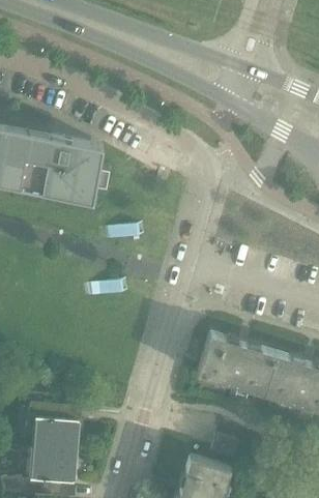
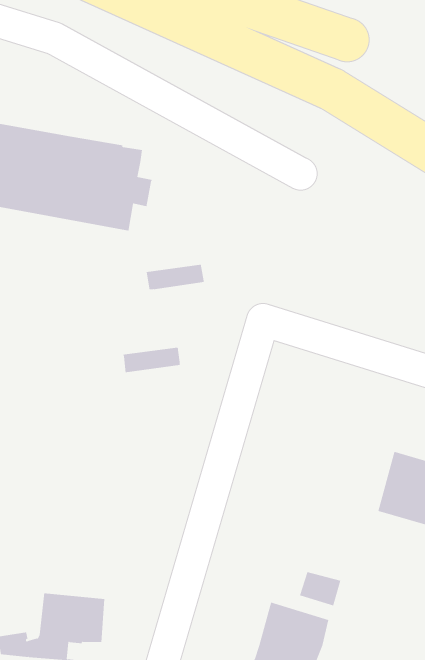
building: [197,333,274,393] -> none
building: [26,404,79,453] -> none

